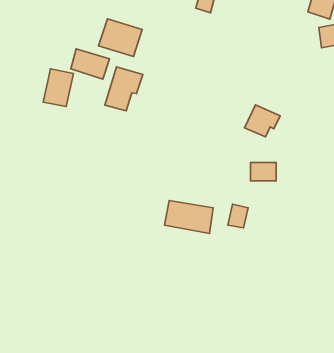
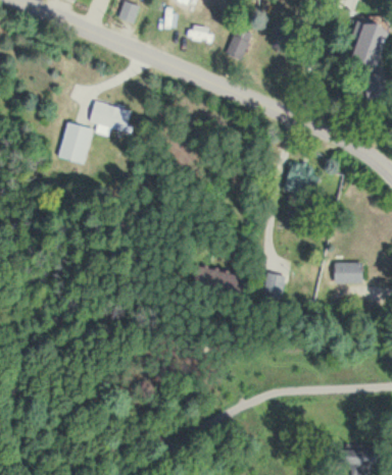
building: [99,19,142,57] -> none
building: [105,67,143,111] -> none
building: [251,162,276,181] -> [334,262,362,282]

